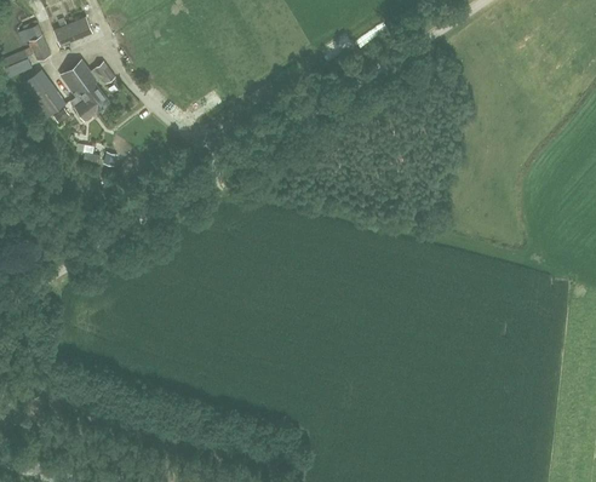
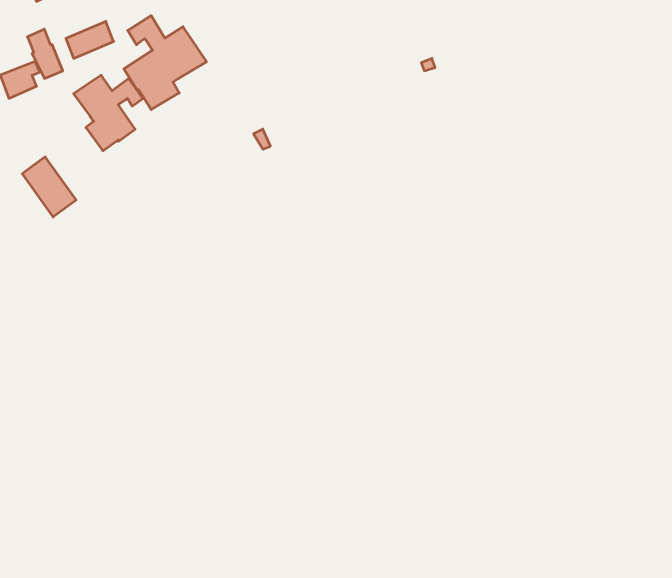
building: none -> [124,16,206,110]
building: [24,69,67,116] -> [22,157,76,217]

